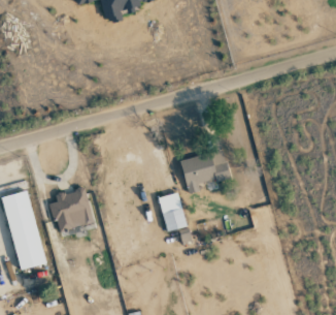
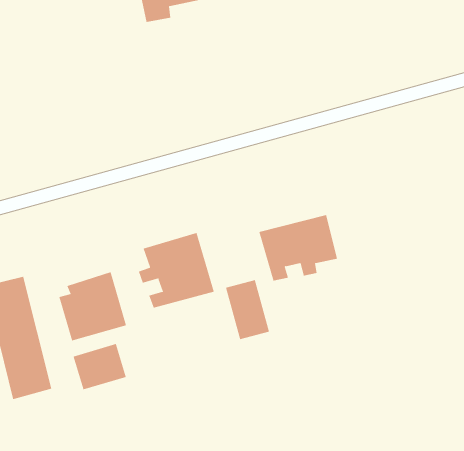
building: none -> [138,232,215,309]
building: none -> [73,343,127,390]

